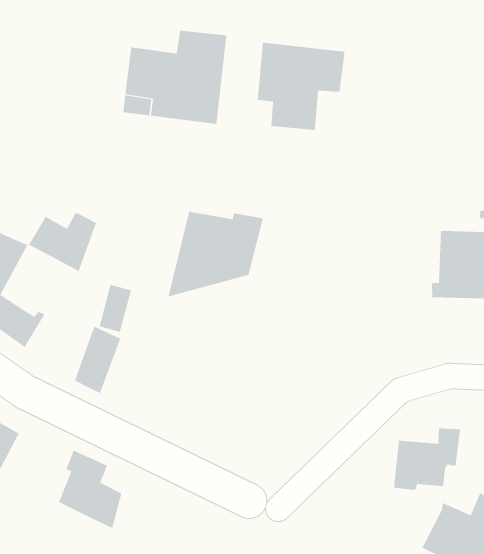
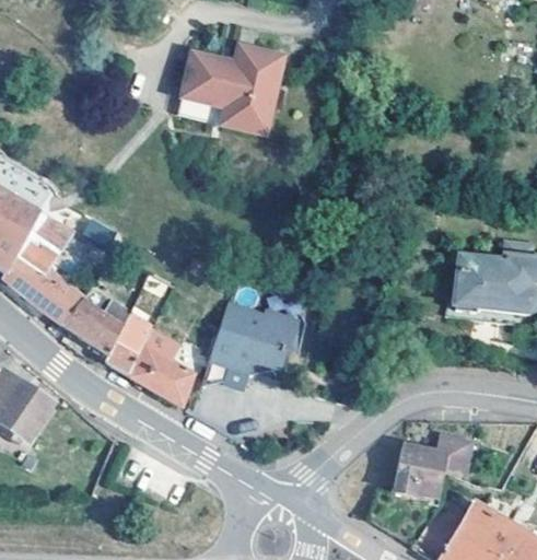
building: [257,42,345,131] -> none
building: [167,211,264,297] -> [203,304,300,382]
building: [28,212,97,272] -> [66,299,131,354]
building: [58,450,122,529] -> [135,329,195,406]

